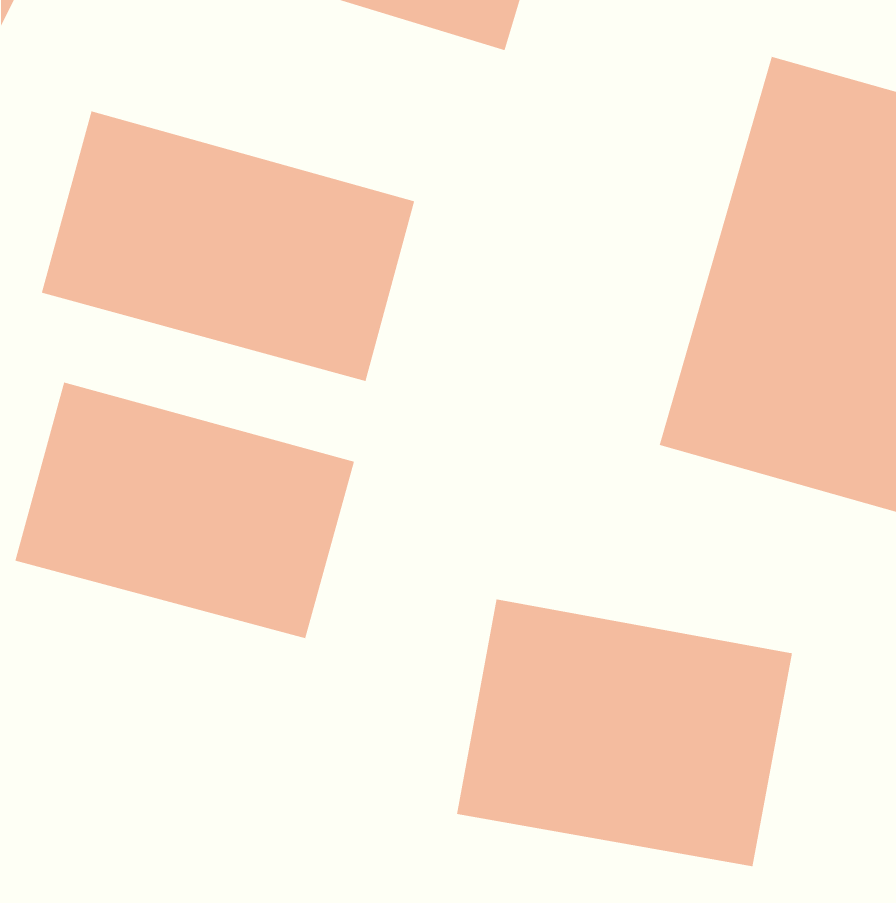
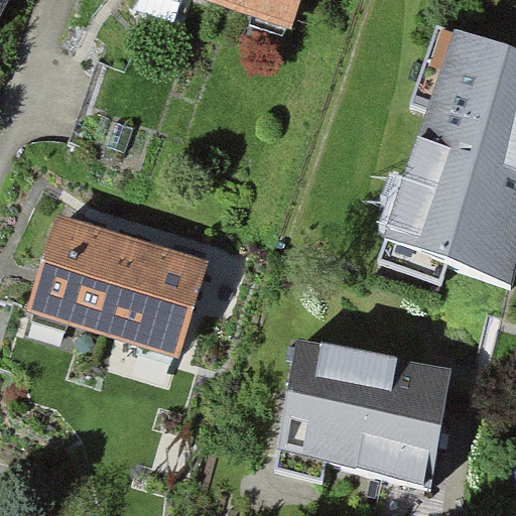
building: [41,111,415,382] -> none

